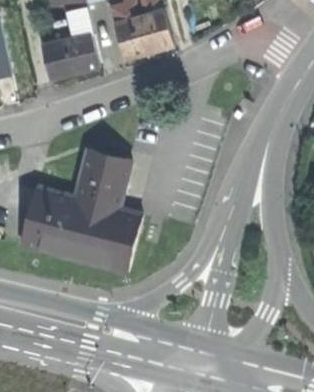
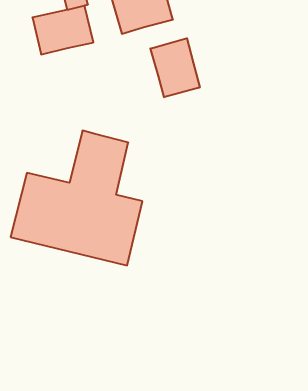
building: none -> [150,38,200,97]

